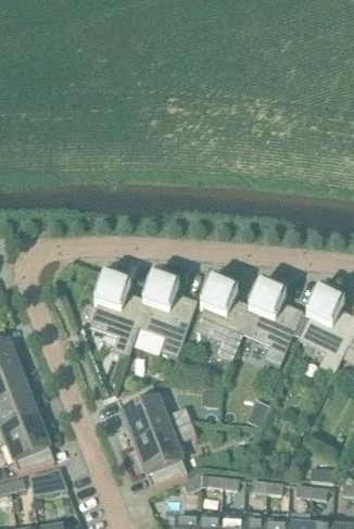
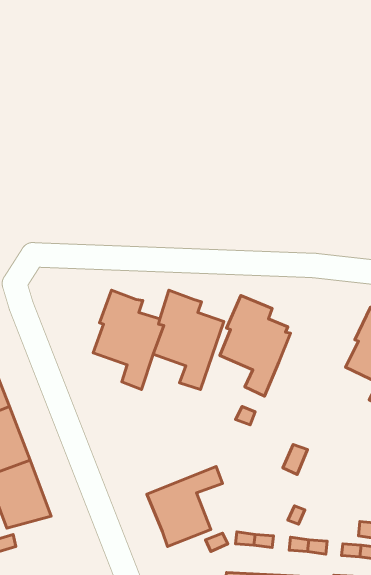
building: [243,282,303,366] -> none
building: [116,387,191,444] -> none
building: [29,468,67,495] -> none

